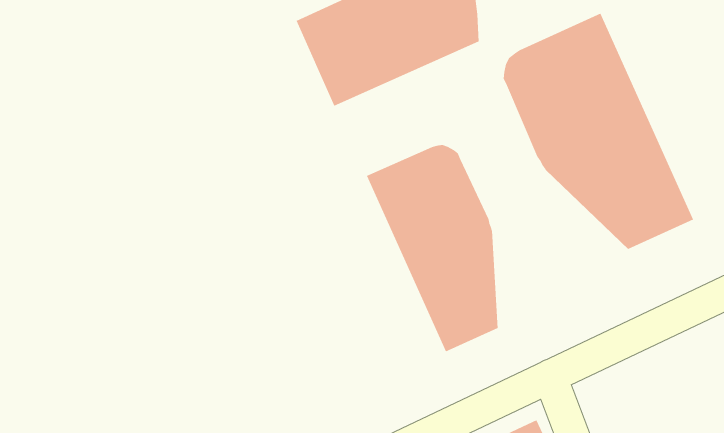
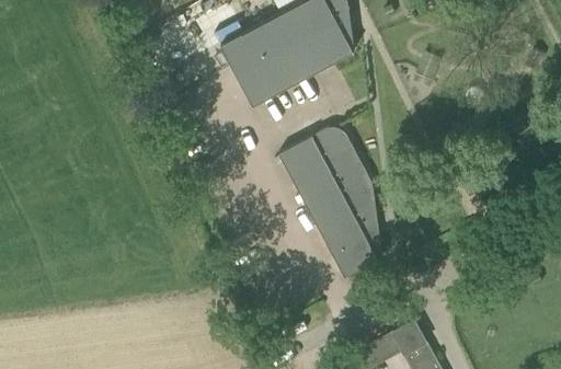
building: [503,12,694,250] -> none

